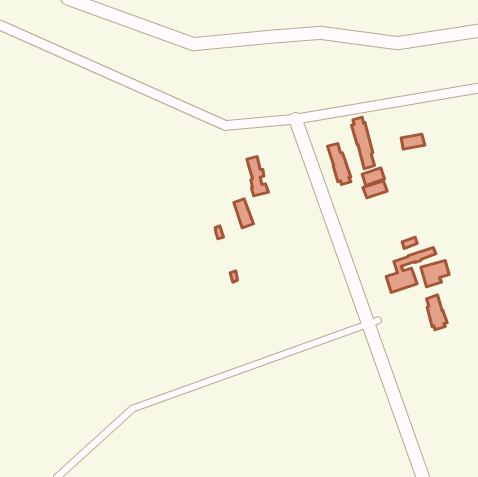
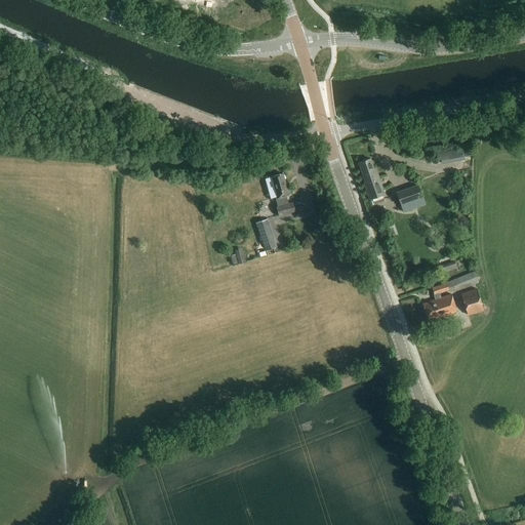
building: [351,117,374,169] -> none
building: [426,295,447,330] -> none

